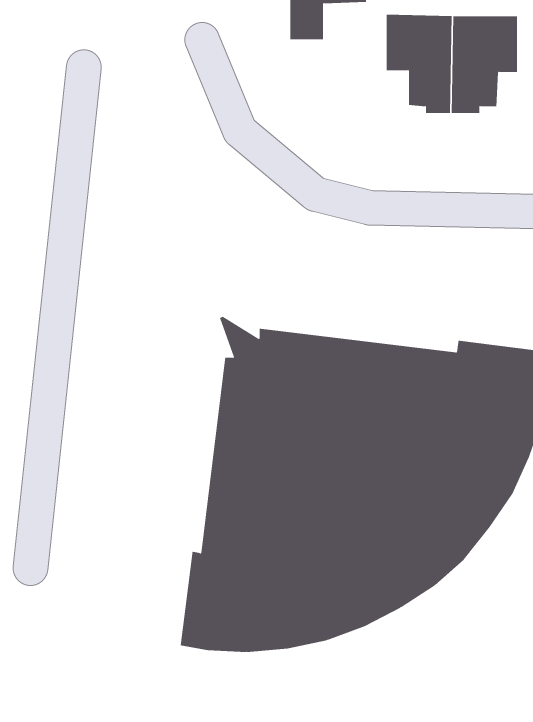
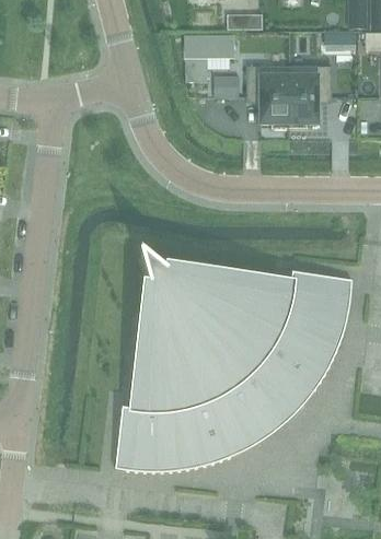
building: none -> [213,72,239,96]

